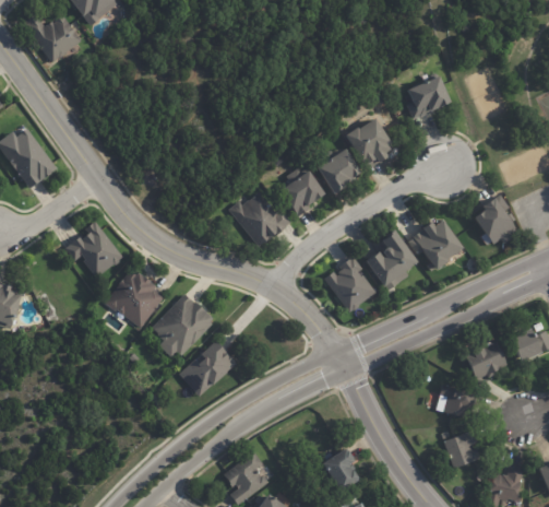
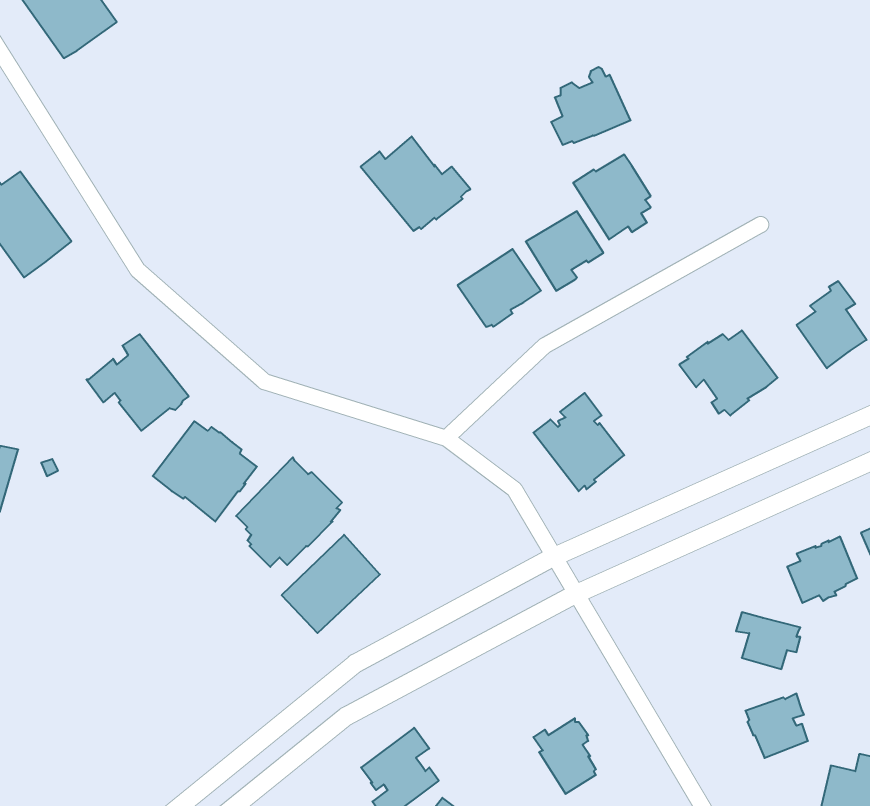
building: [406,73,452,118] -> [551,67,631,145]
building: [228,192,291,247] -> [361,136,470,231]
building: [365,229,416,286] -> none

